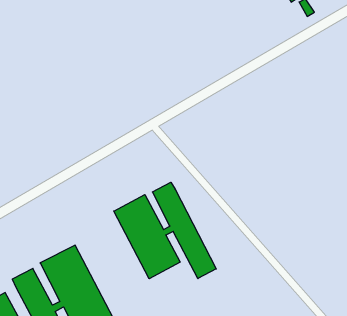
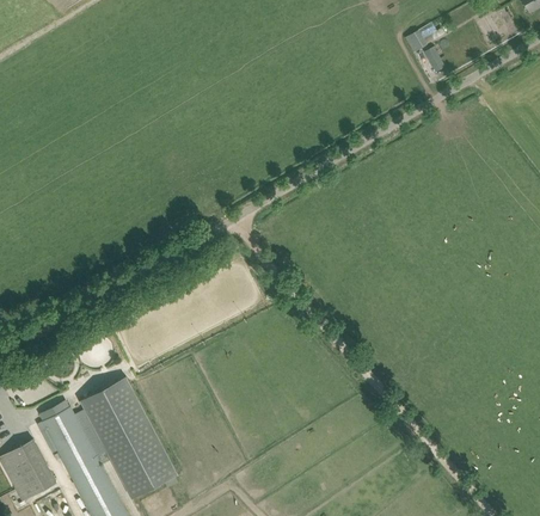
building: [114,182,216,279] -> none

